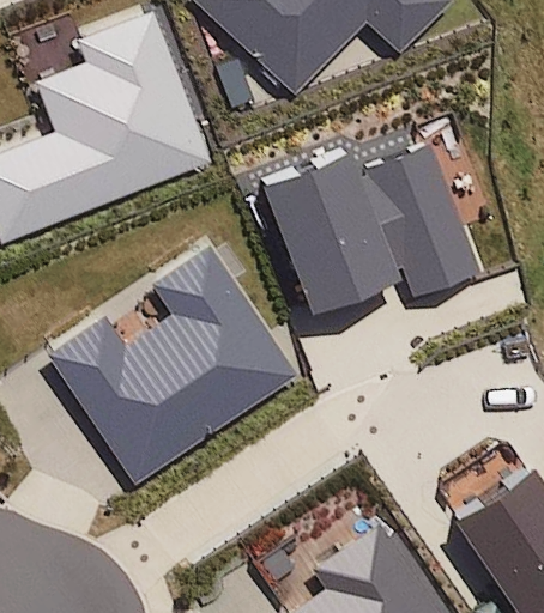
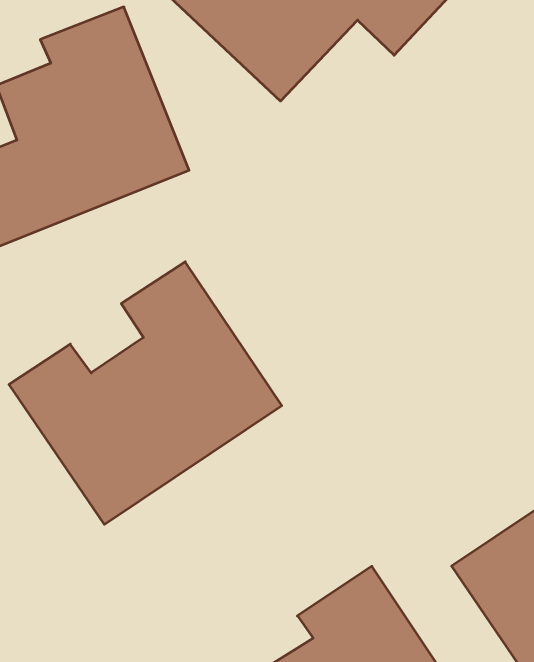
building: [266,142,479,312] -> none

